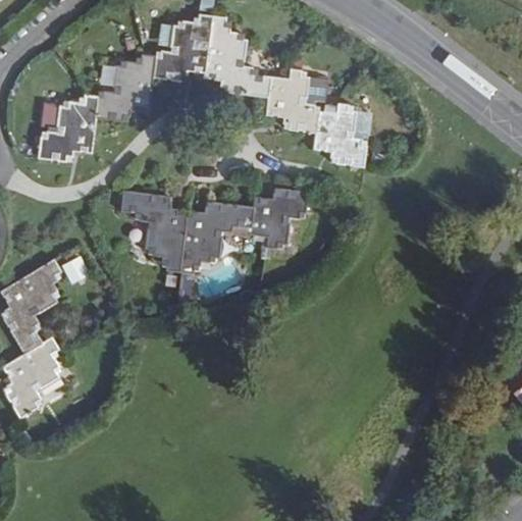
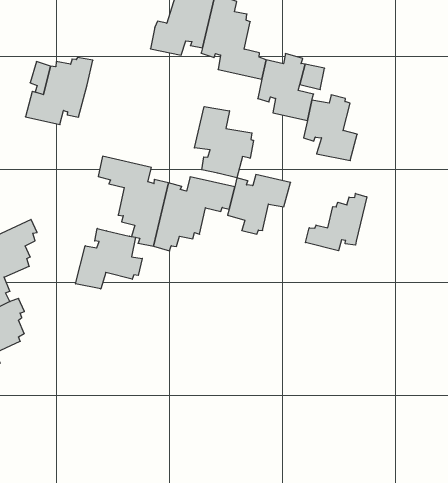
building: [96,55,156,123] -> none
building: none -> [194,107,254,178]
building: none -> [305,193,367,251]
building: none -> [76,228,142,289]

